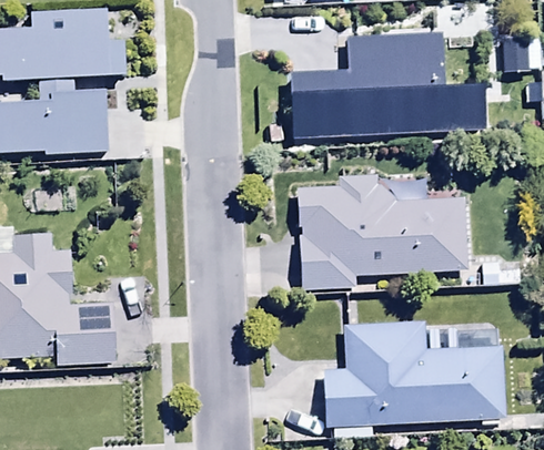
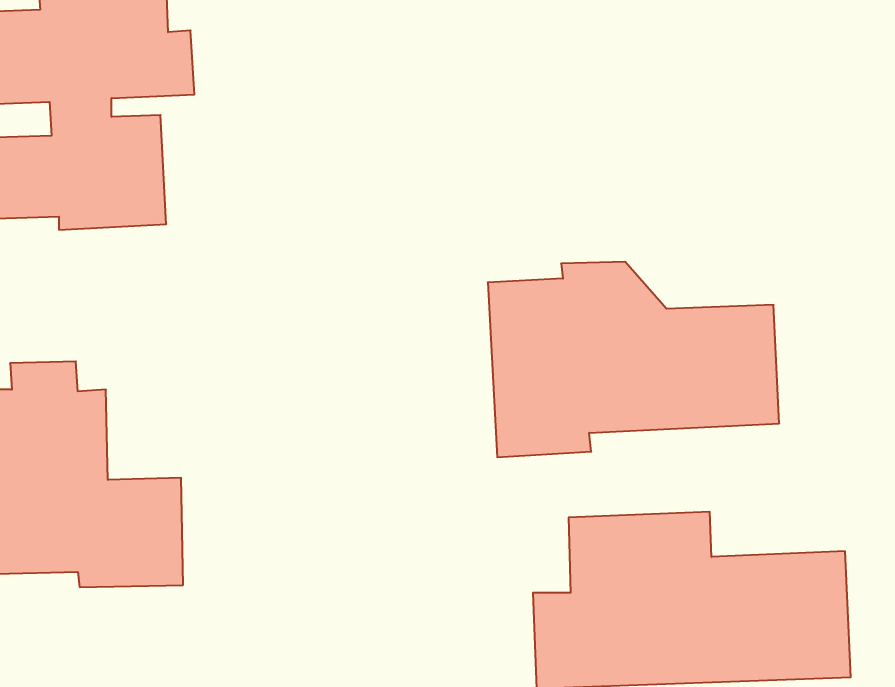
building: [290,32,485,137] -> none

